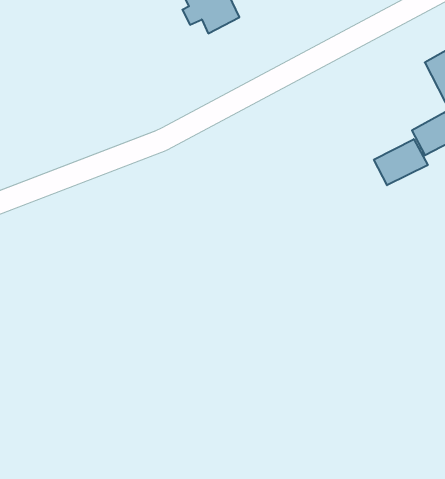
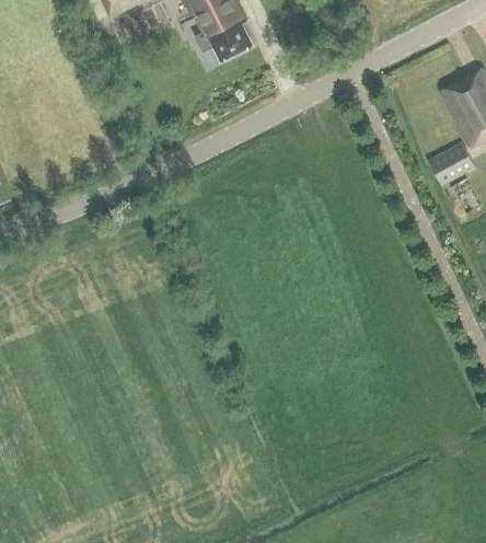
building: [374,139,428,185] -> none

